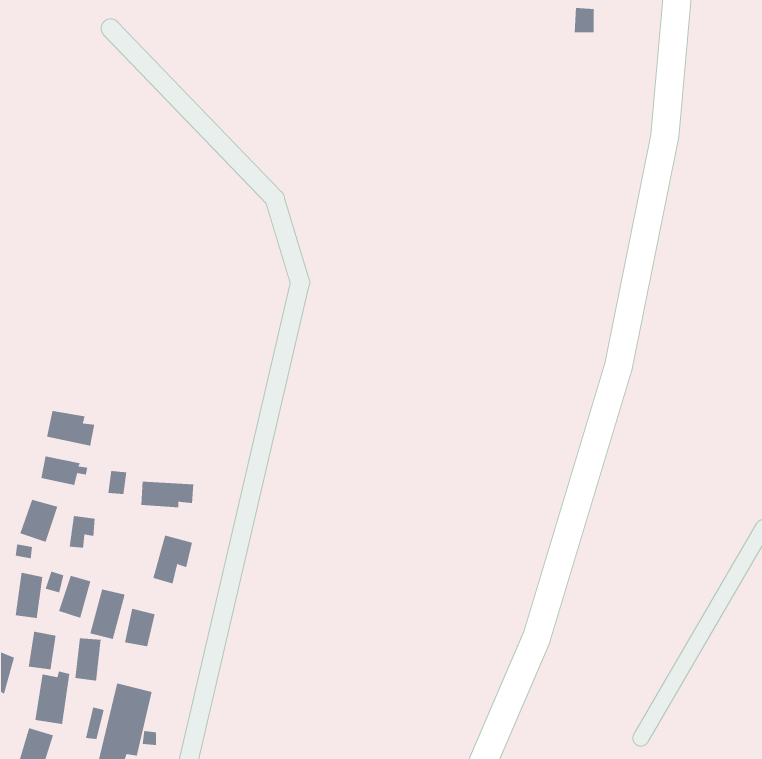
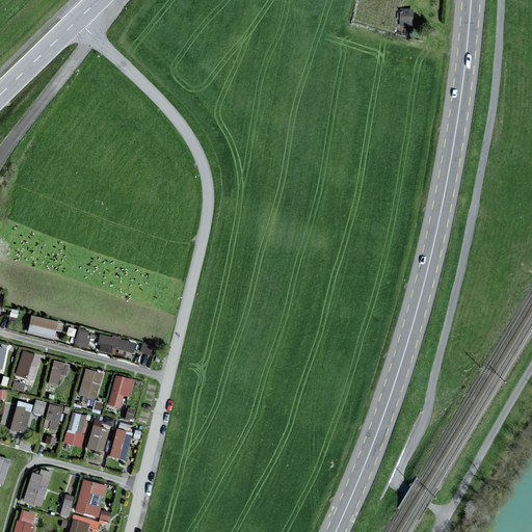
building: [47,410,95,447] -> none
building: none -> [80,369,102,398]
building: [28,631,56,670] -> none
building: [75,638,101,681] -> [112,430,131,460]

